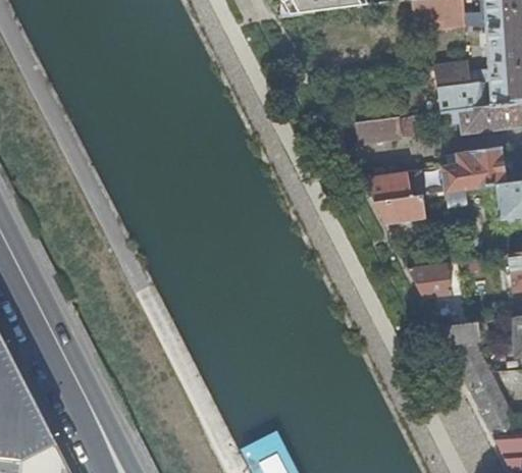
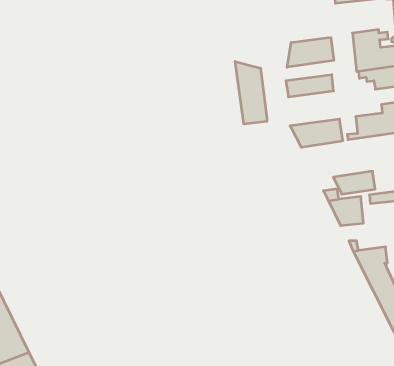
building: none -> [287,38,334,67]
building: none -> [235,61,267,124]
building: [376,196,426,223] -> [333,171,375,194]

